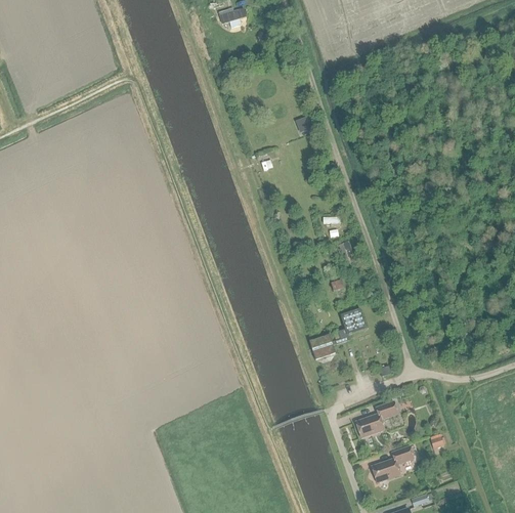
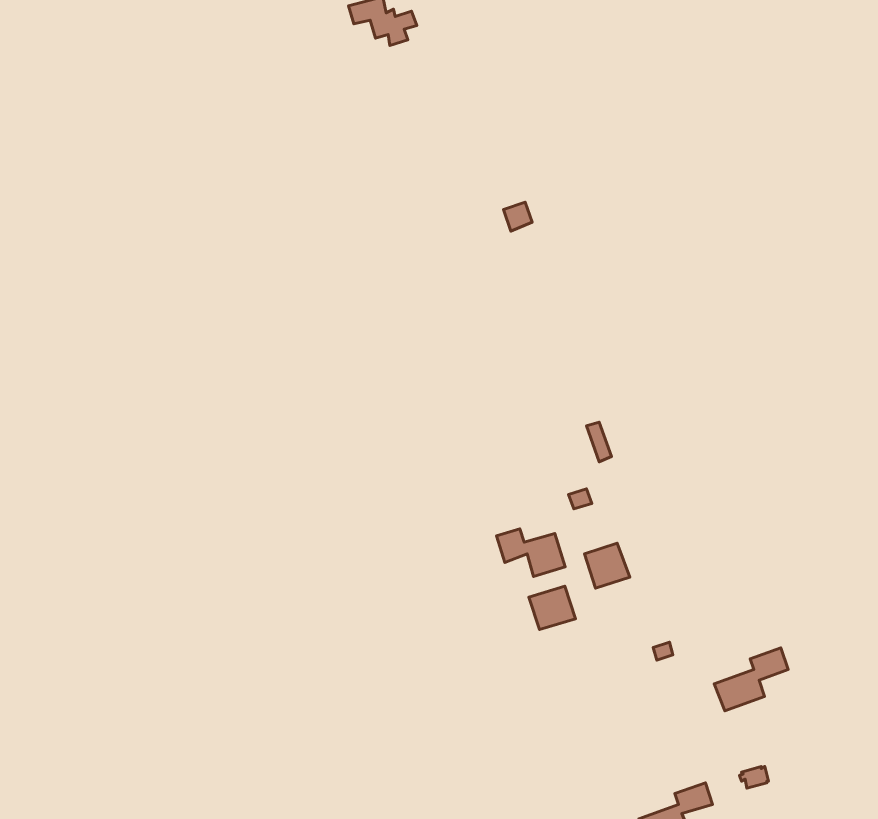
building: none -> [497,529,565,577]
building: [355,400,397,436] -> [714,648,788,711]

